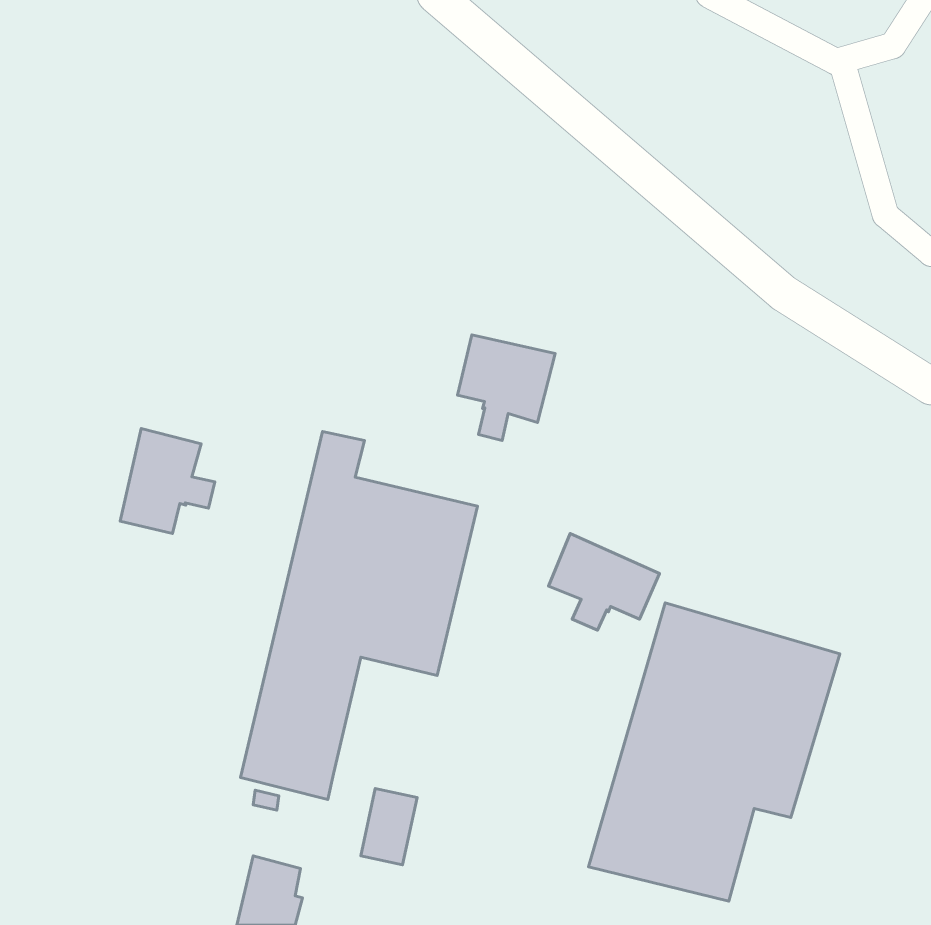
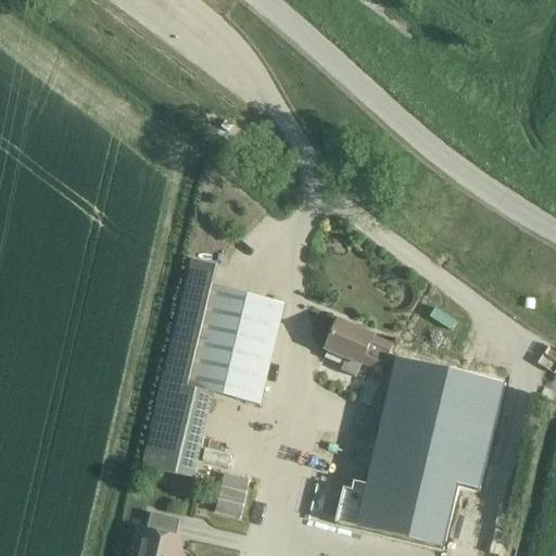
building: [458,335,555,440] -> none
building: [120,428,215,533] -> none

